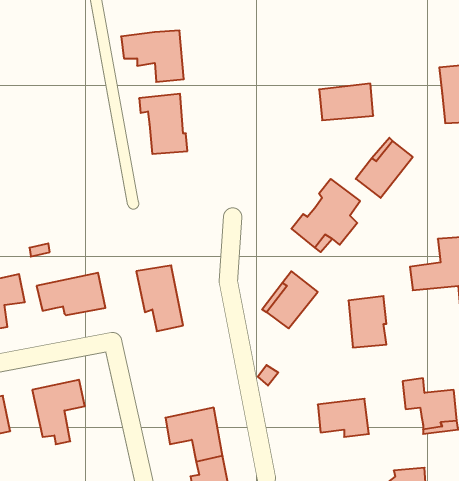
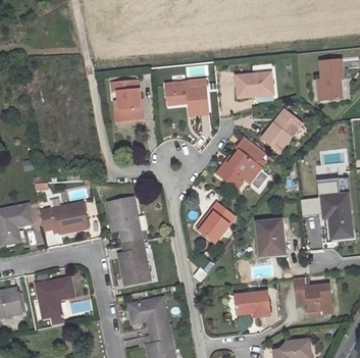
building: [121,31,184,82] -> [164,80,208,115]
building: none -> [118,240,149,285]

